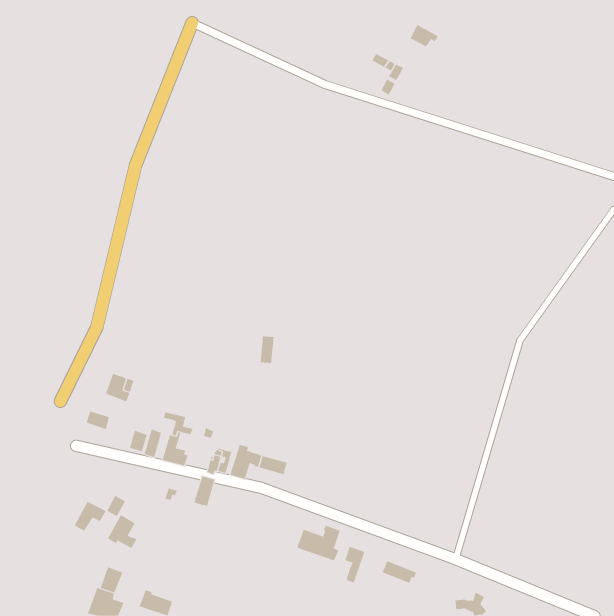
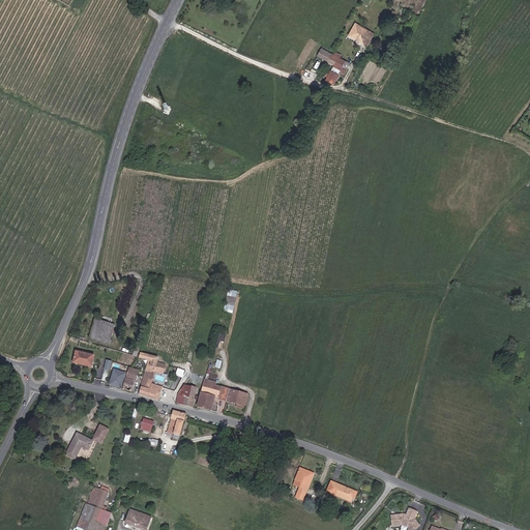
building: [107,514,137,549] -> none
building: [297,525,340,561] -> none

